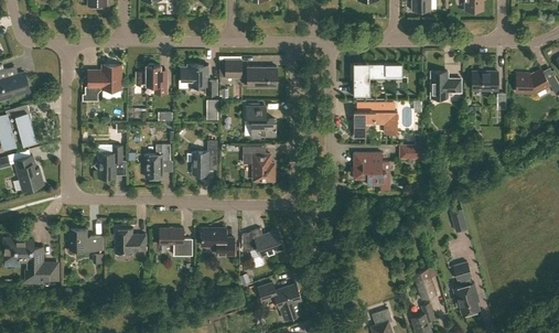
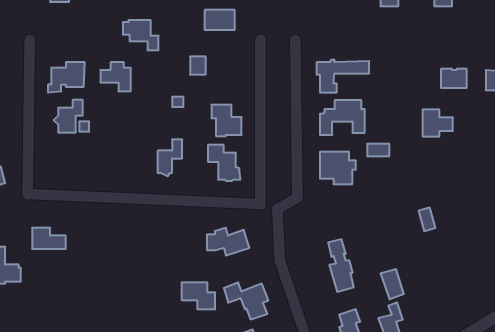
building: [181,65,216,95] -> [123,20,159,50]
building: [247,67,277,87] -> [205,10,235,30]
building: [431,72,461,98] -> [423,110,453,136]
building: [144,144,170,178] -> none
building: [94,146,122,178] -> [54,100,83,132]
building: [115,228,146,255] -> none
building: [159,228,192,256] -> none
building: [201,228,234,255] -> [182,282,215,309]
building: [453,262,479,314] -> [328,239,354,292]

